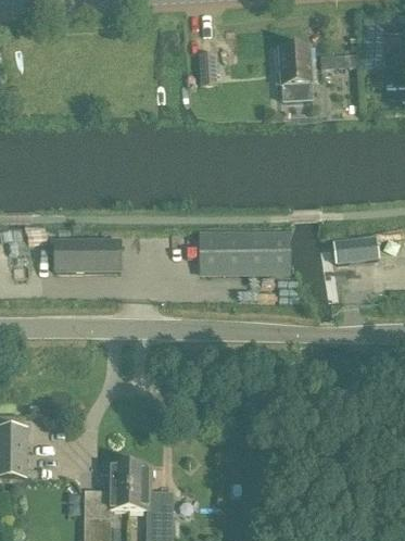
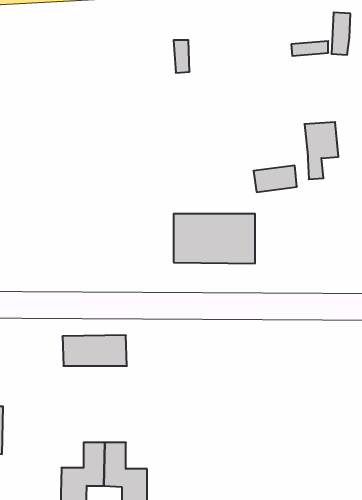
building: [278,46,313,104] -> [304,122,338,179]
building: [333,235,378,262] -> [253,166,297,192]
building: [54,238,121,269] -> [62,335,127,366]

